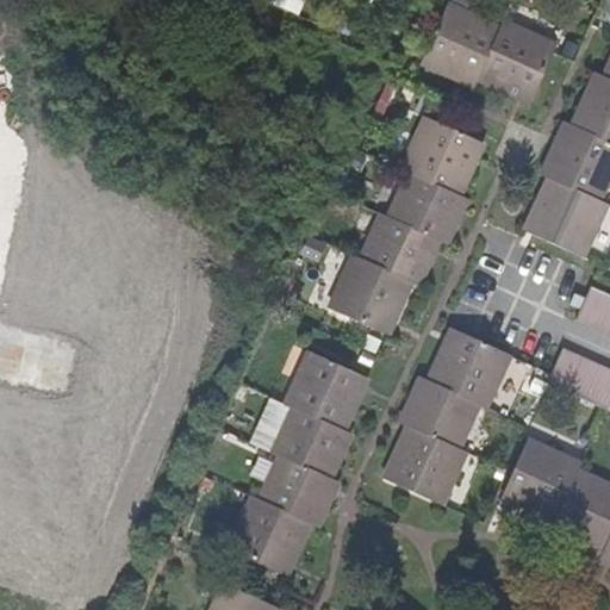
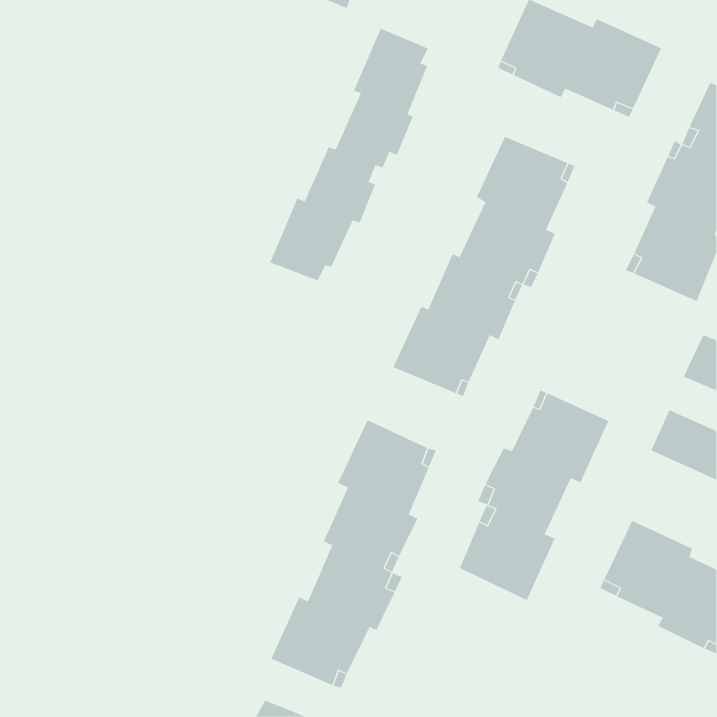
building: none -> [269,28,429,281]

